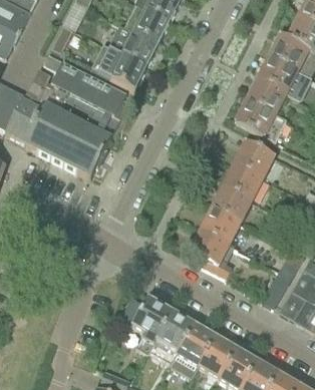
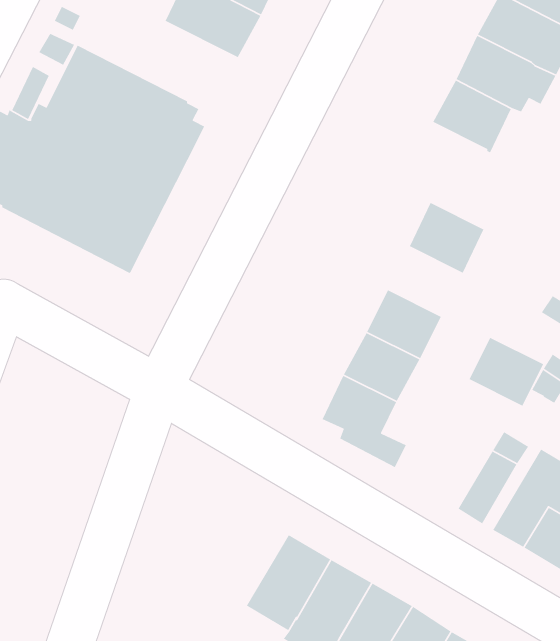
building: [91,43,146,88] -> none
building: [236,98,286,141] -> none
building: [224,162,263,199] -> [469,337,544,407]
building: [121,297,173,352] -> none

